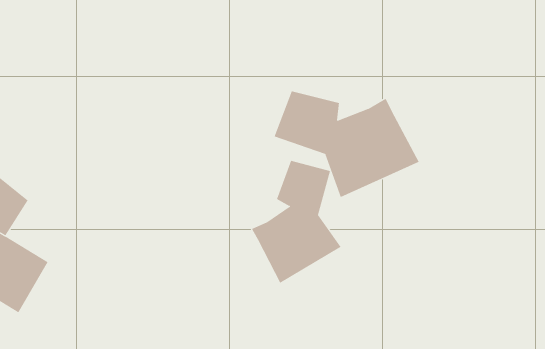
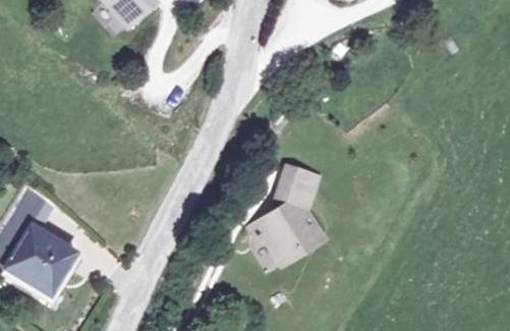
building: [274,90,419,198] -> none

